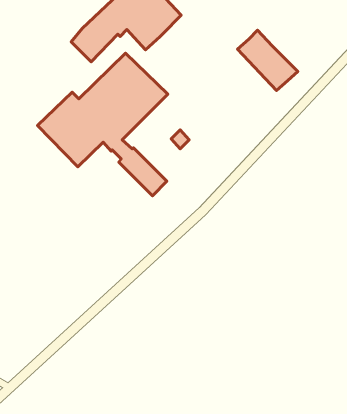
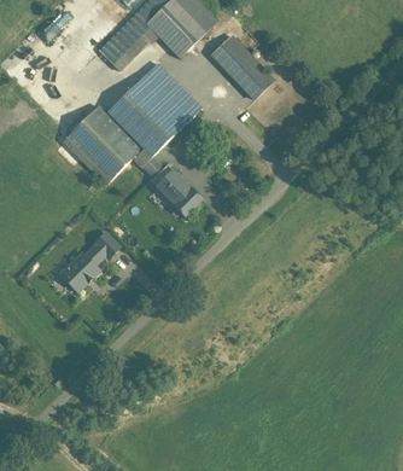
building: [238,30,298,90] -> [210,34,275,99]
building: none -> [58,229,121,293]

